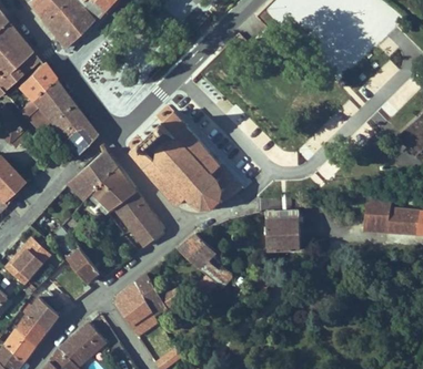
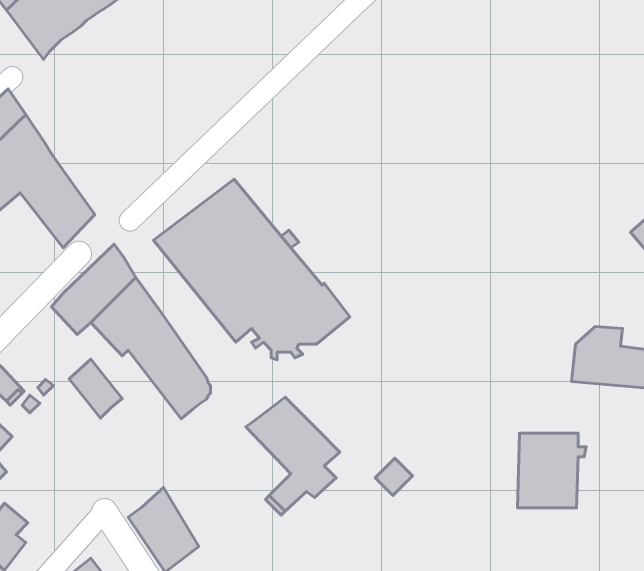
building: [264,209,303,252] -> [517,433,586,508]
building: [68,249,98,283] -> [69,359,122,418]
building: [133,277,167,320] -> none

